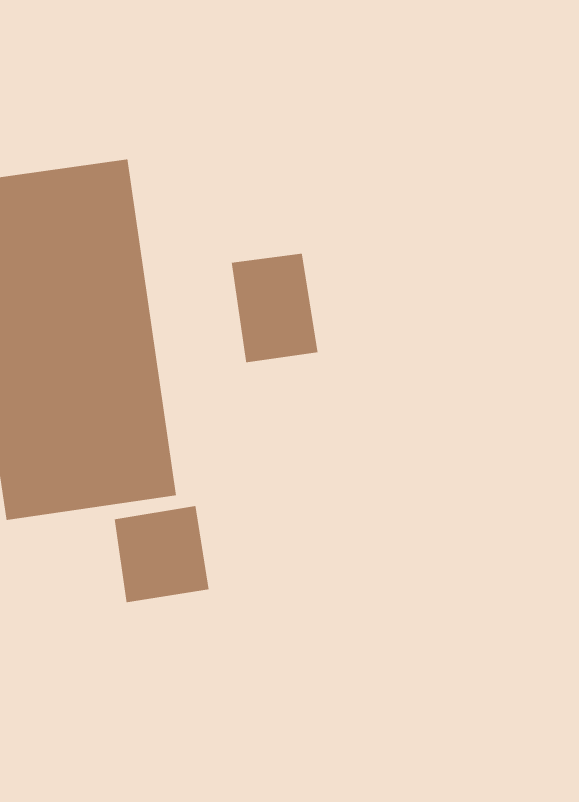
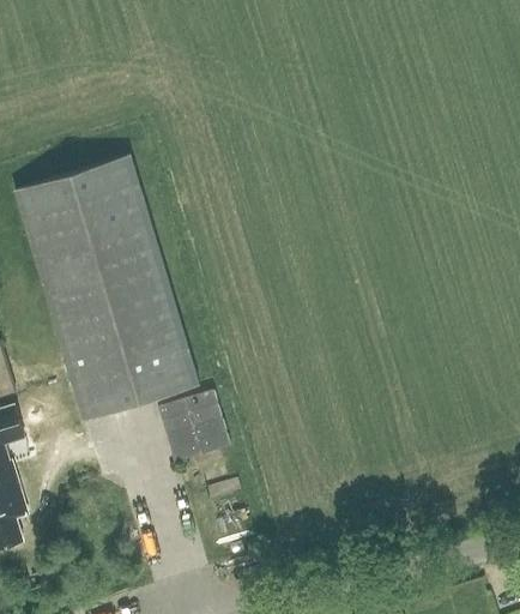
building: [231,253,318,363] -> none

